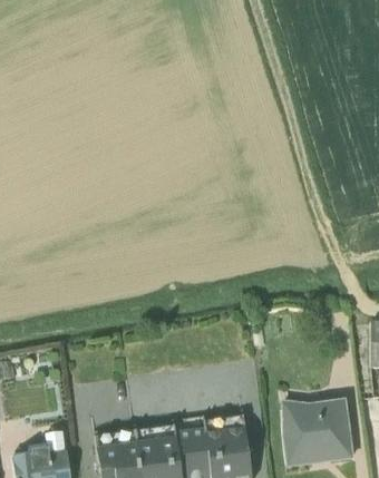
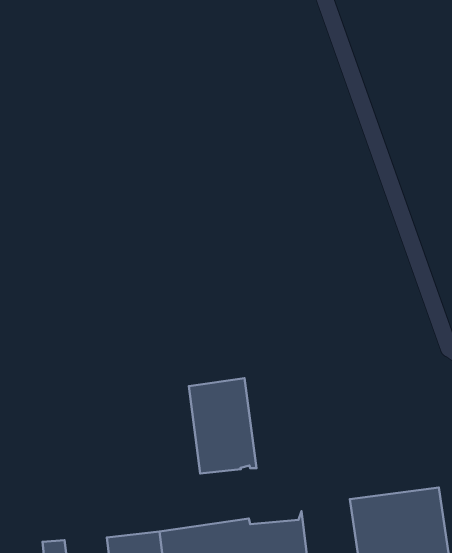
building: none -> [189,378,257,473]

